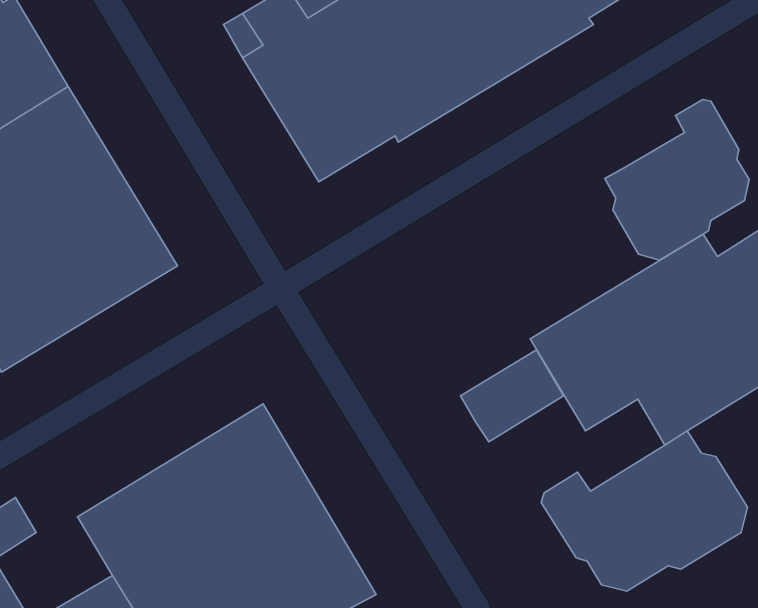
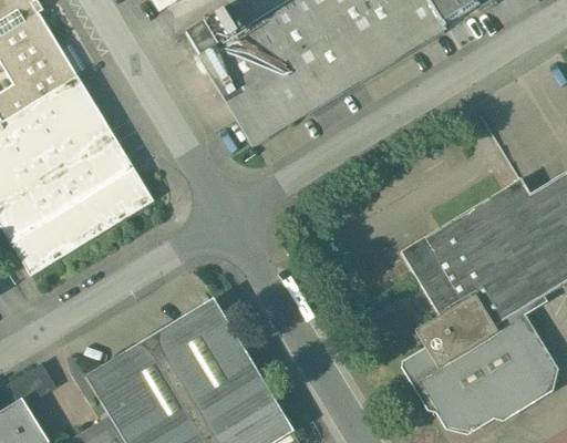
building: [605,99,749,260] -> none
building: [460,350,564,442] -> [421,295,493,359]

